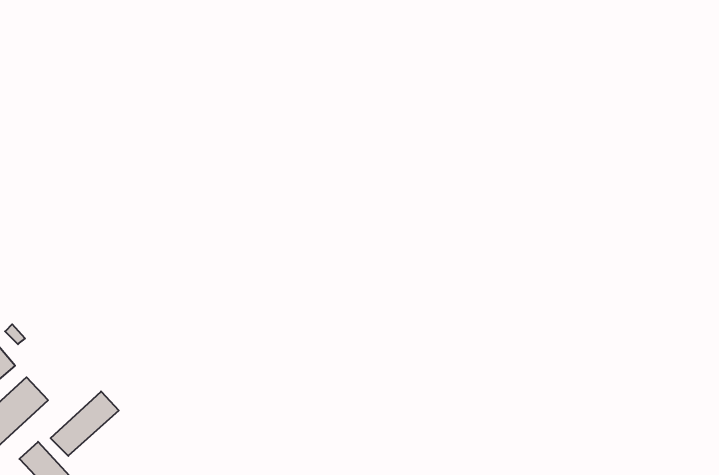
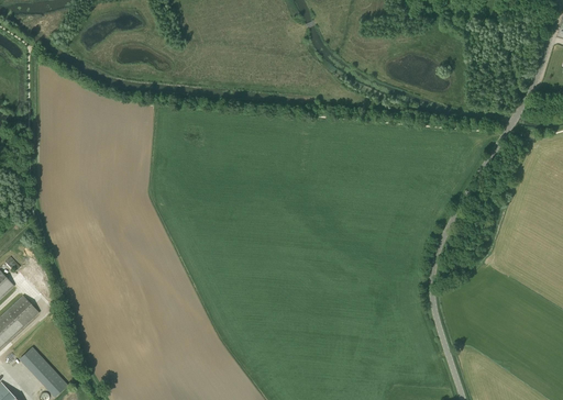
building: [51,391,119,456] -> none

